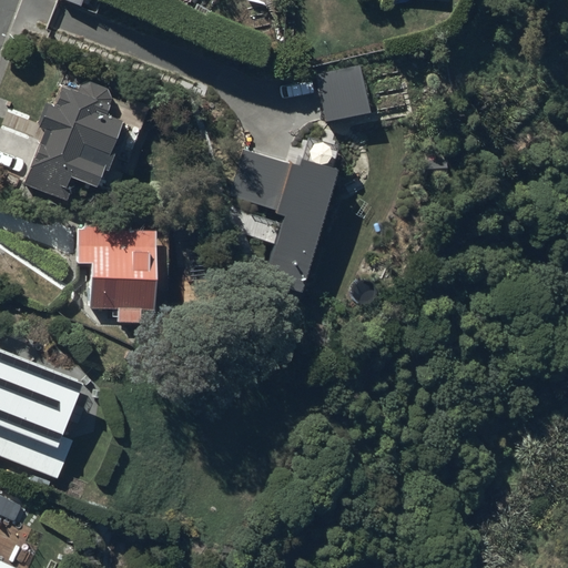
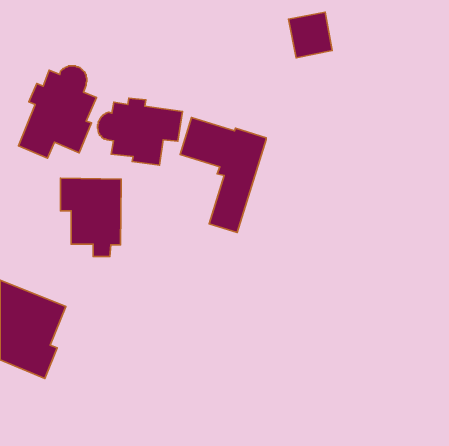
building: [315,64,371,122] -> [288,12,332,58]
building: none -> [97,98,183,165]

